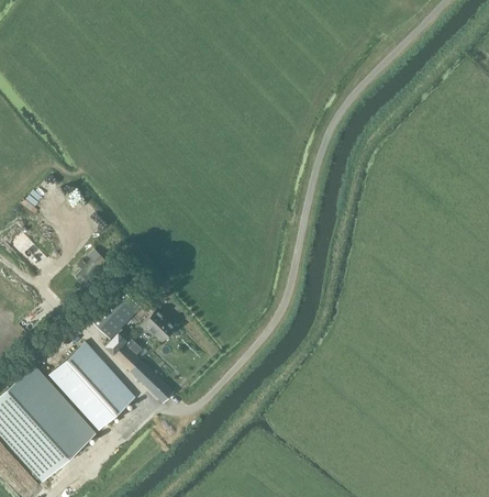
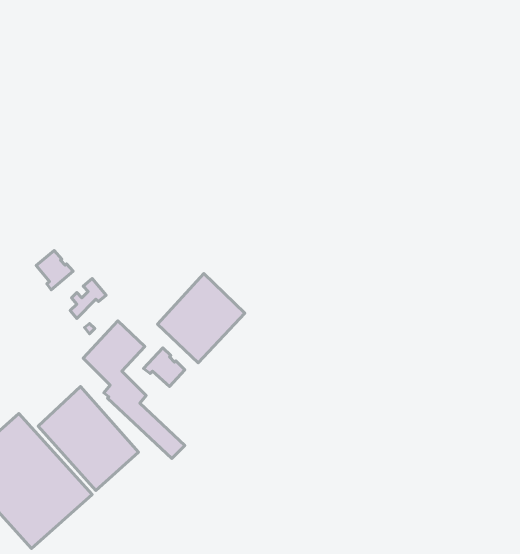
building: none -> [36,251,73,290]
building: none -> [157,273,245,363]

